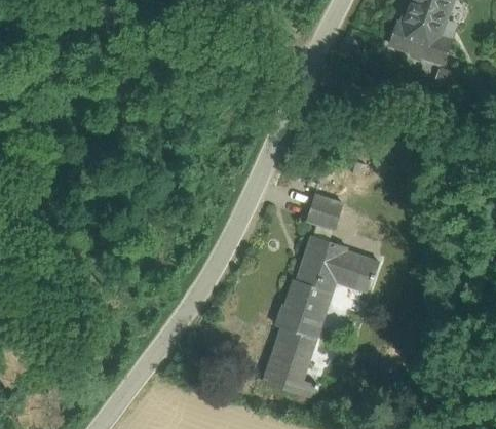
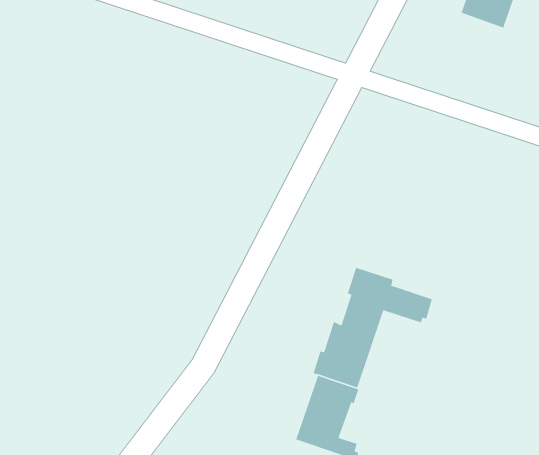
building: [389,22,450,62] -> none
building: [307,196,342,228] -> none

